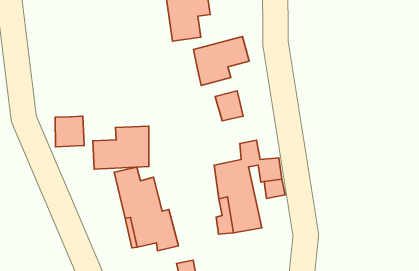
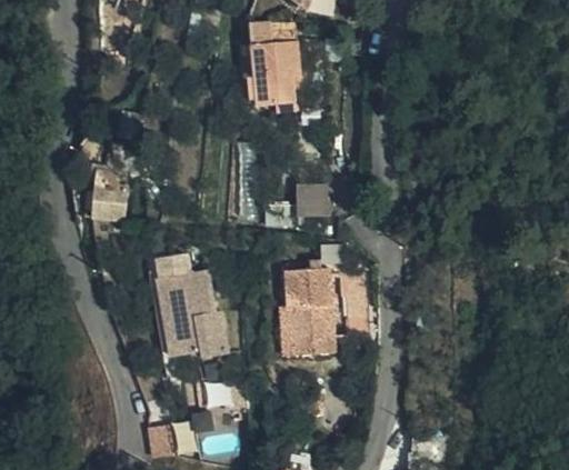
building: [193,37,249,85] -> none
building: [93,126,149,169] -> none

